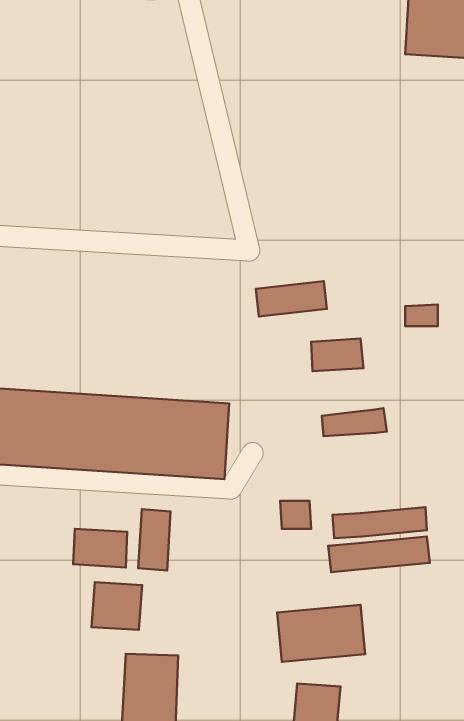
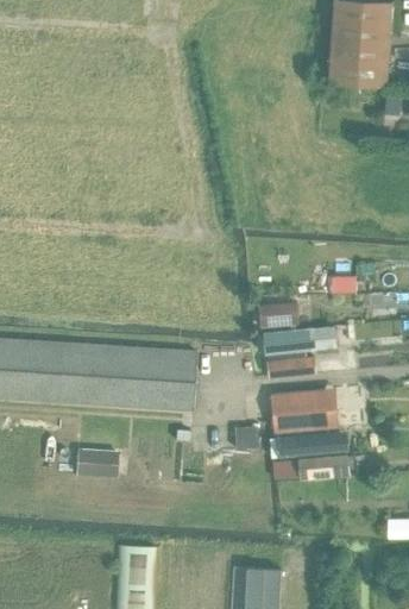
building: [256,281,327,317] -> [262,327,316,354]
building: [138,509,171,570] -> none
building: [92,582,142,630] -> none
building: [277,605,365,662] -> [271,388,339,432]

